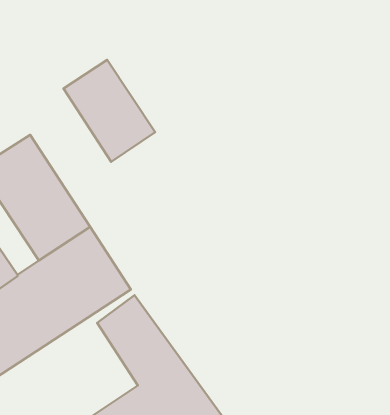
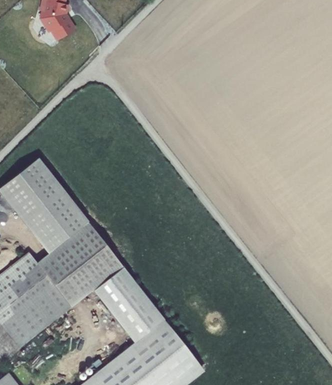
building: [63,60,155,162] -> none

